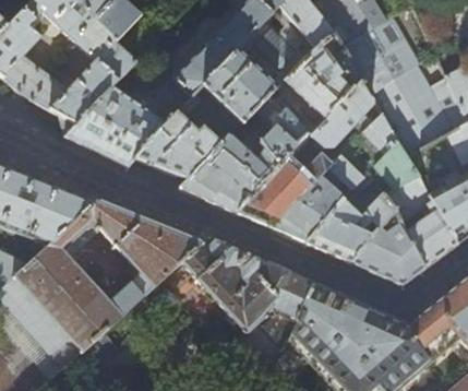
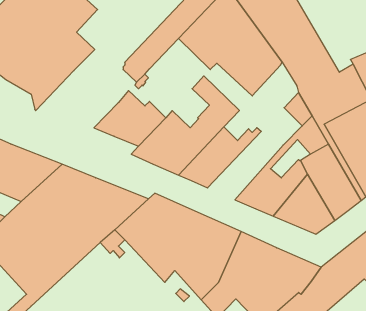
building: [203,49,276,122] -> none
building: [311,81,373,146] -> none
building: [67,87,166,165] -> none
building: [273,157,363,242] -> none

